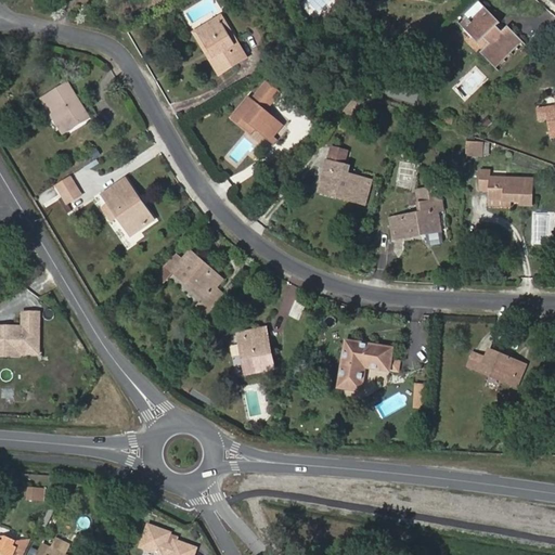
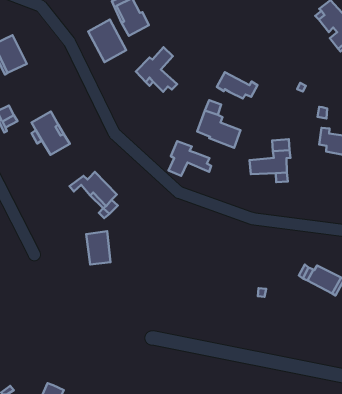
building: none -> [88,20,126,62]
building: none -> [217,72,258,98]
building: none -> [168,141,211,176]
building: [237,327,272,373] -> [86,231,110,265]
building: [338,340,399,389] -> none

